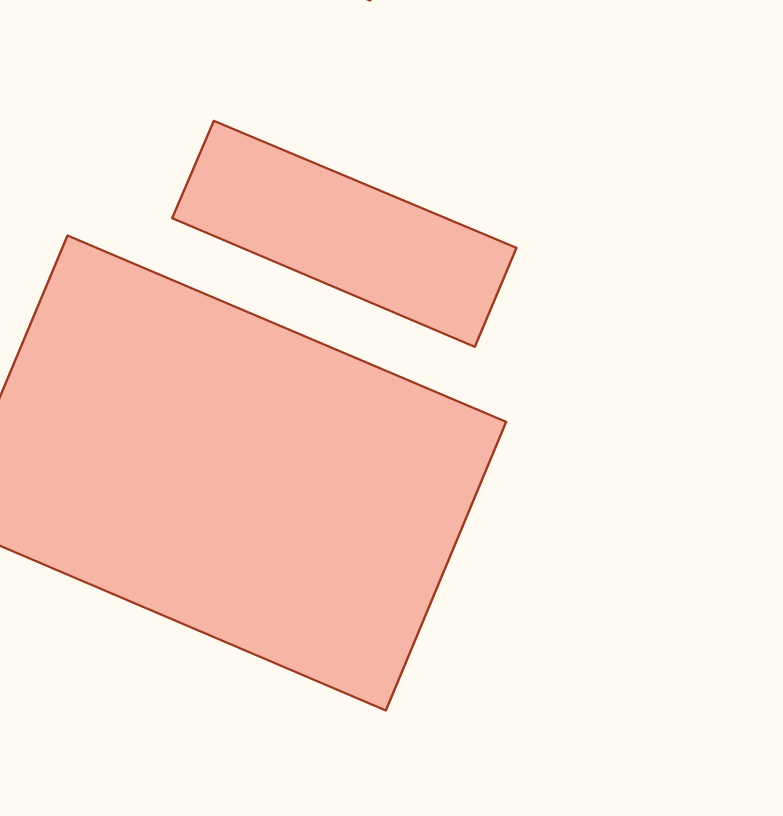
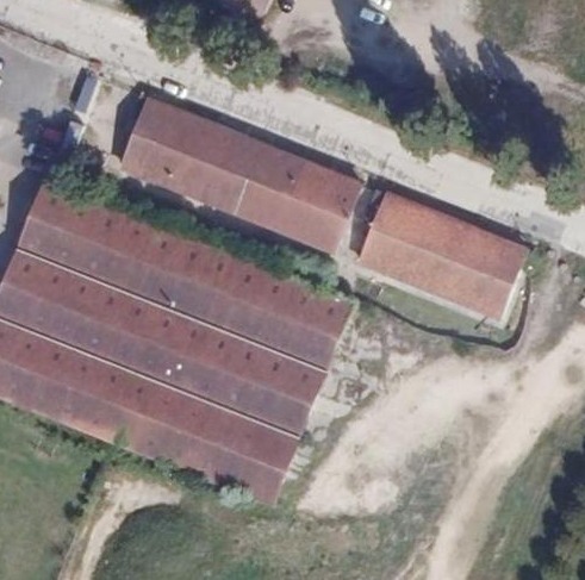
building: none -> [356,193,523,318]

